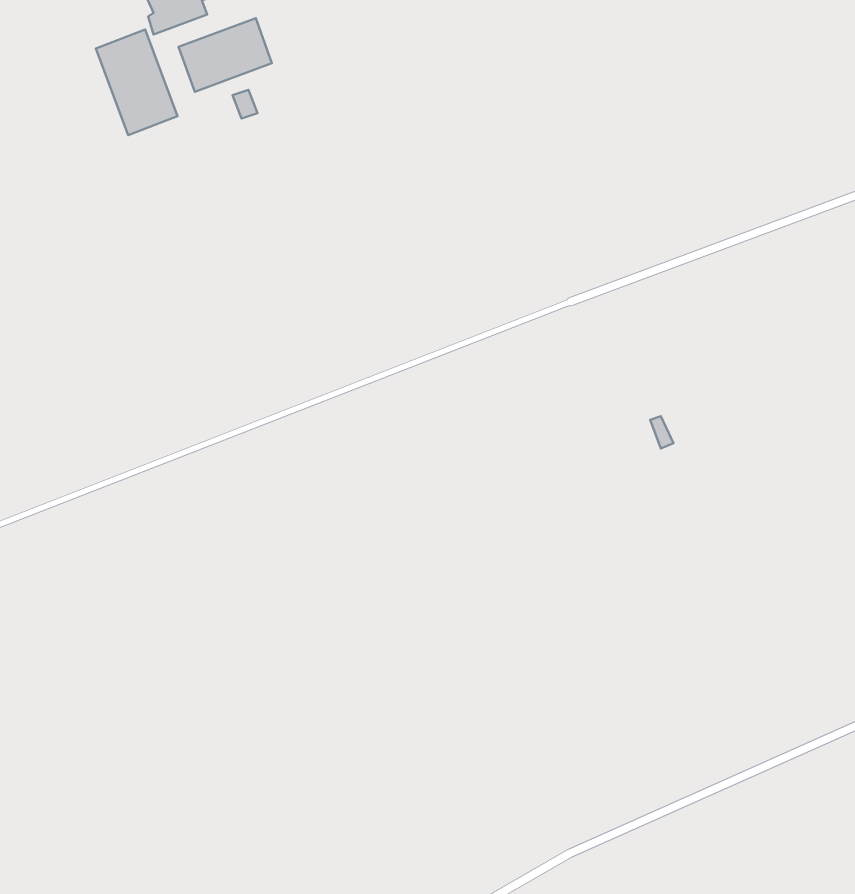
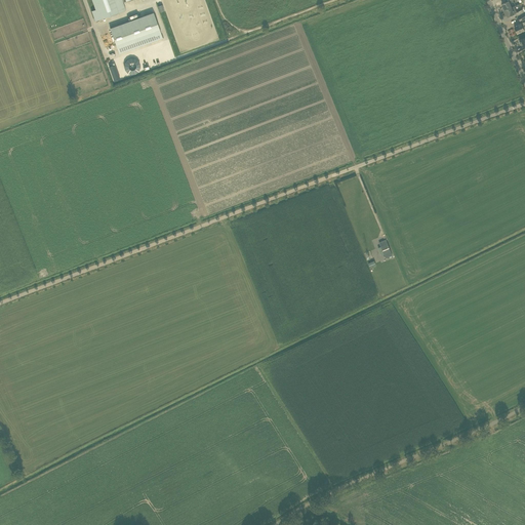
building: [96,29,177,135] -> none

